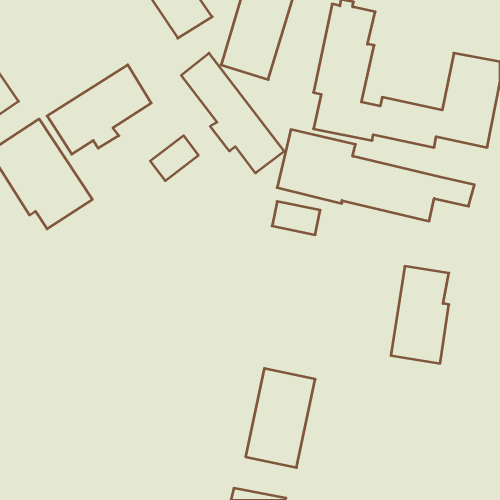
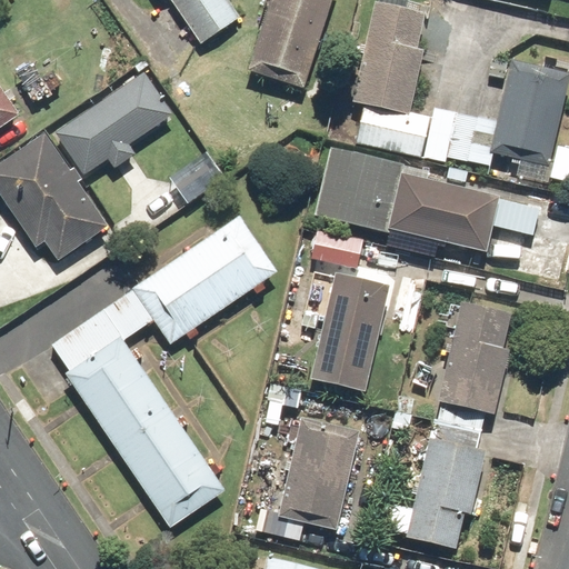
building: [181,53,284,173] -> none
building: none -> [53,214,276,527]
building: none -> [313,271,388,388]
building: none -> [406,405,486,547]

